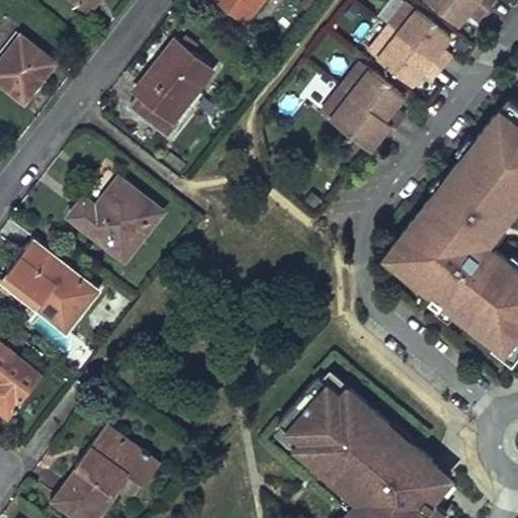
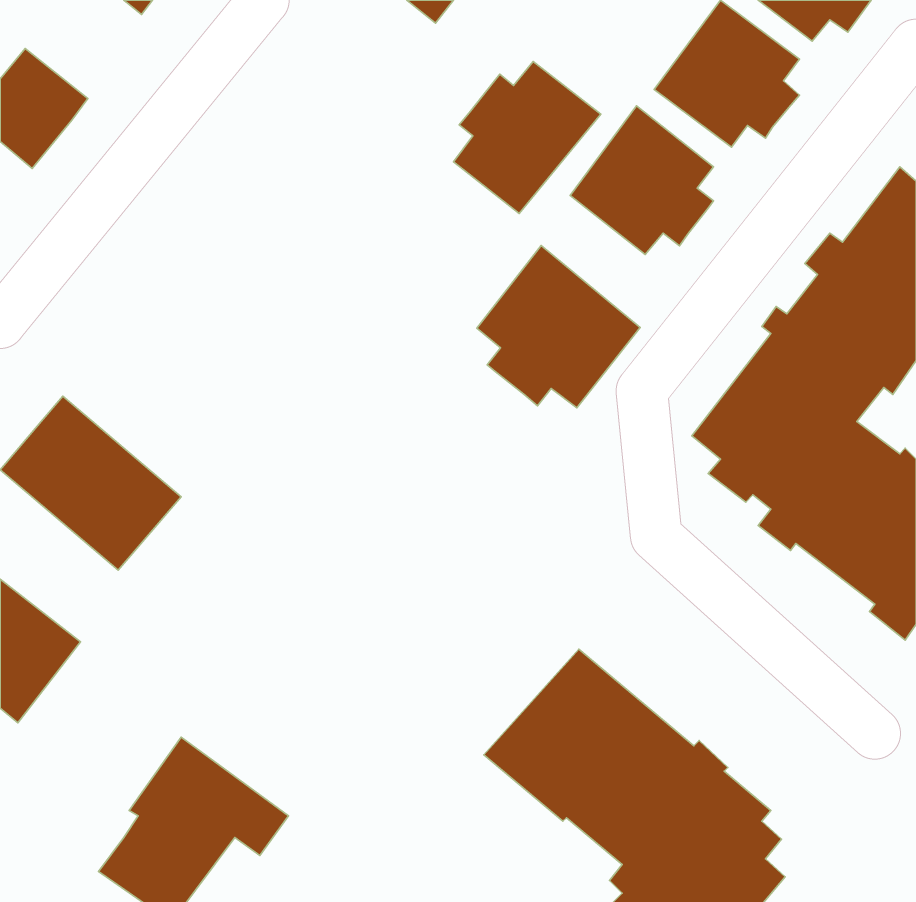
building: [131,42,212,142] -> none
building: none -> [454,61,601,213]
building: none -> [477,245,640,408]
building: [71,165,161,255] -> none

